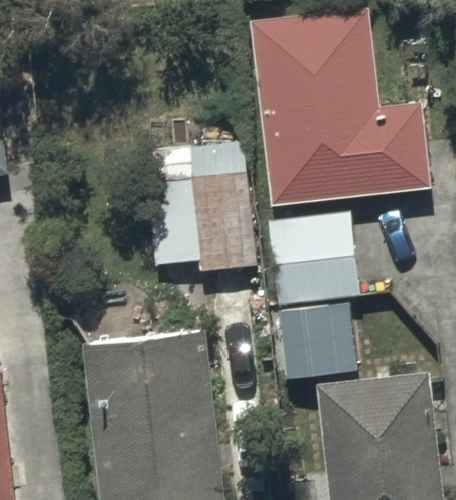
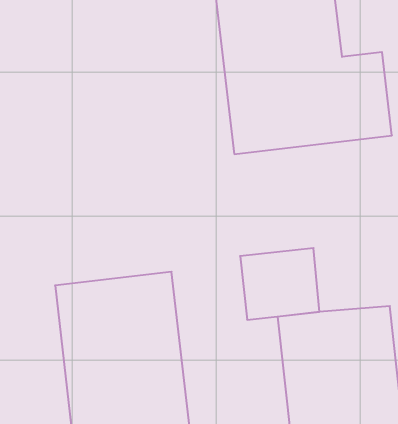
building: [146,139,254,272] -> none
building: [269,215,360,307] -> none

